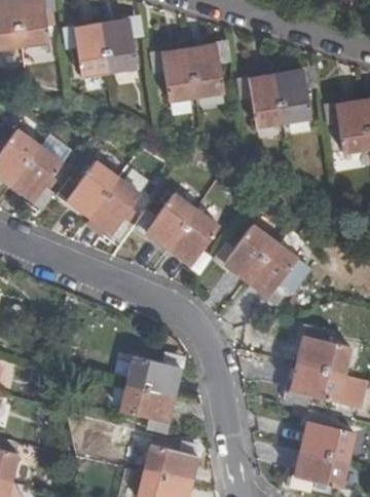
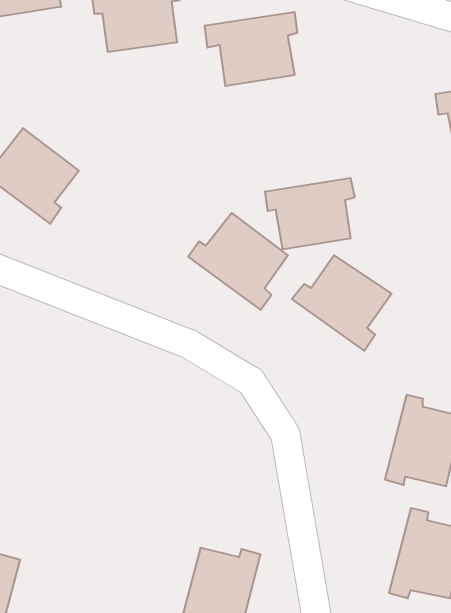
building: [244,71,311,124] -> [265,178,355,249]
building: [63,163,139,235] -> none
building: [122,358,179,427] -> none

